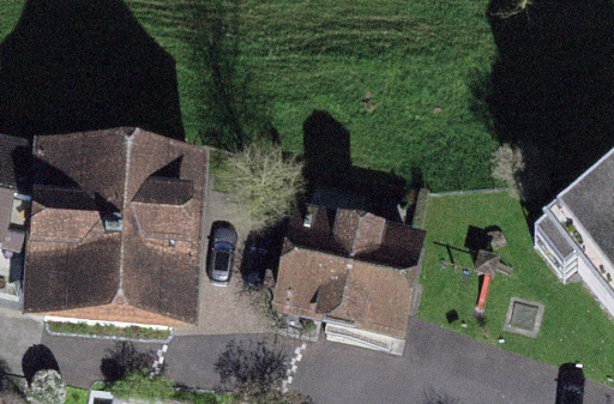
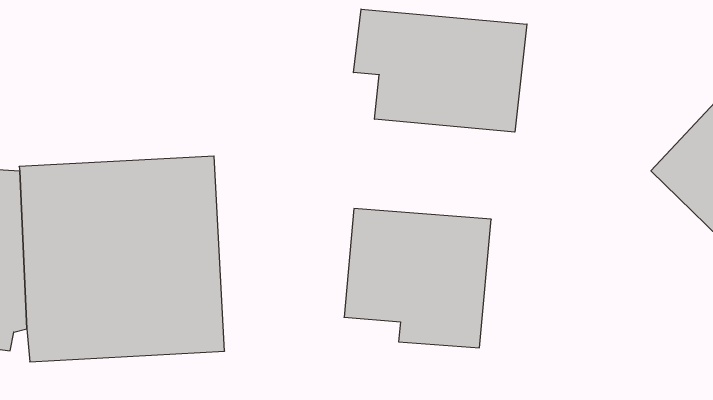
building: none -> [353,9,527,132]

